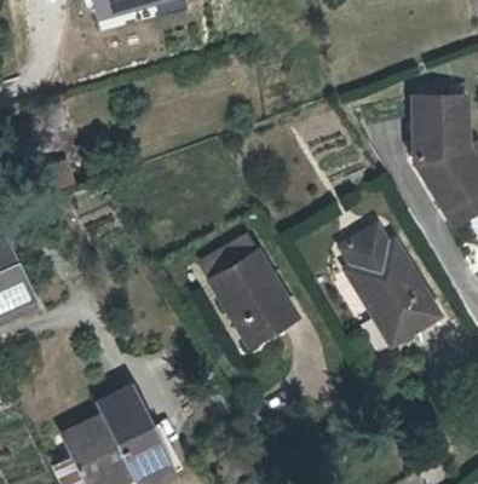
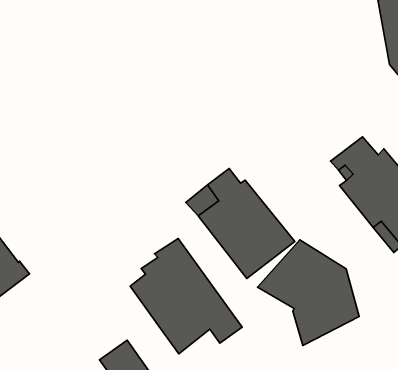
building: none -> [130,239,242,354]
building: none -> [258,240,359,345]

